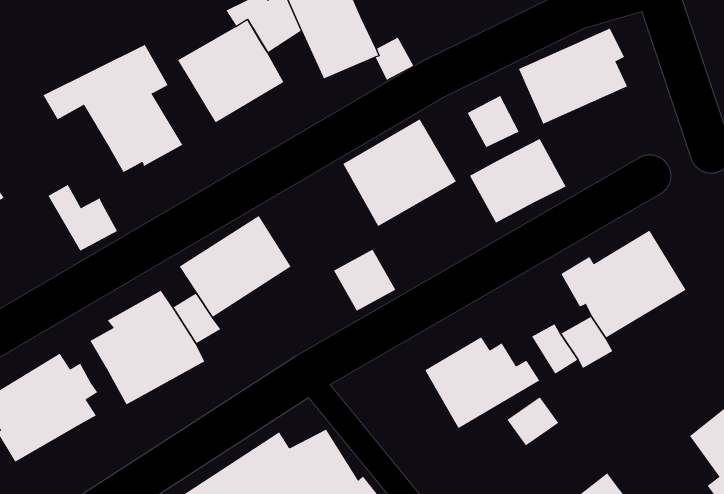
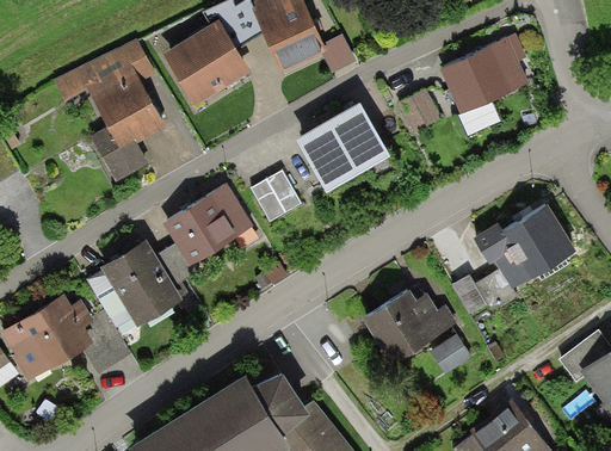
building: [469,138,567,224] -> none
building: [48,184,118,251] -> [90,130,147,185]
building: [333,249,396,312] -> [248,173,300,224]
building: none -> [85,313,131,375]

